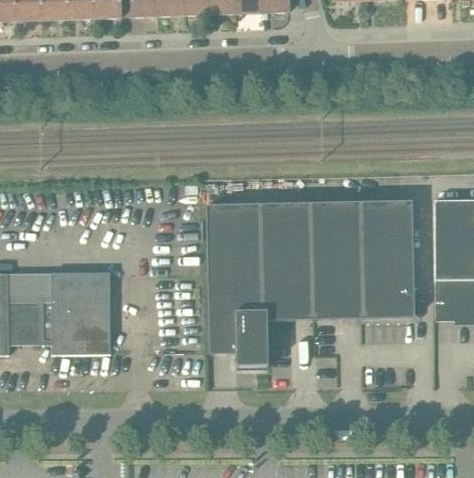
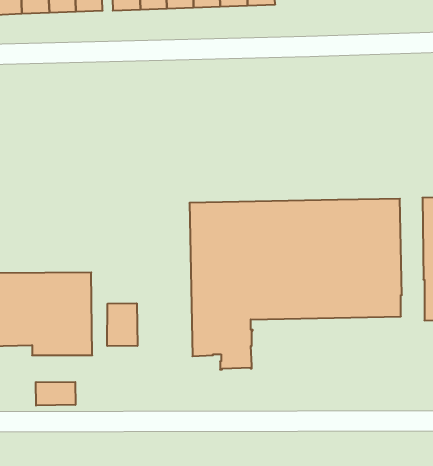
building: none -> [107,303,137,346]
building: none -> [36,382,75,406]

